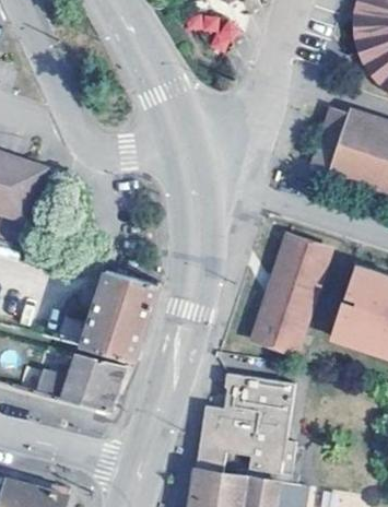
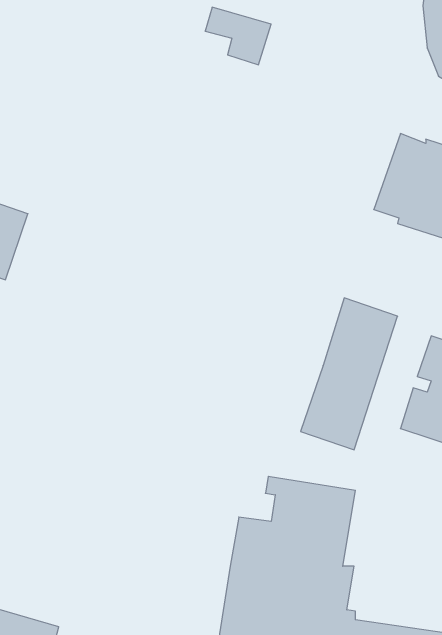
building: [81,270,158,362] -> none
building: [37,353,122,411] -> none

